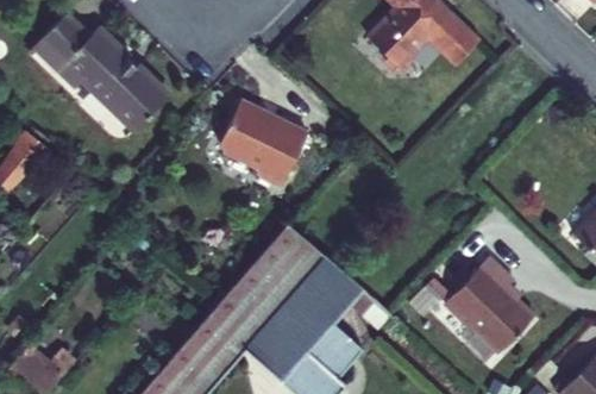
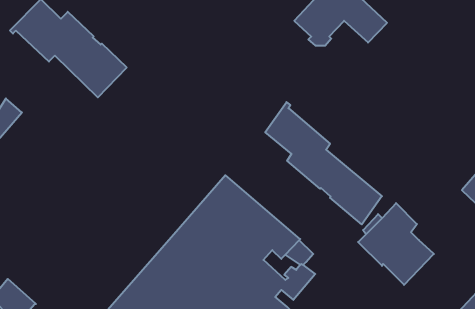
building: [220,99,308,186] -> none
building: none -> [265,102,382,224]

